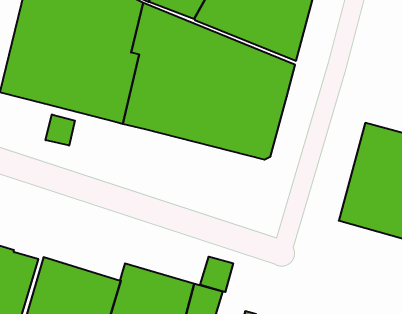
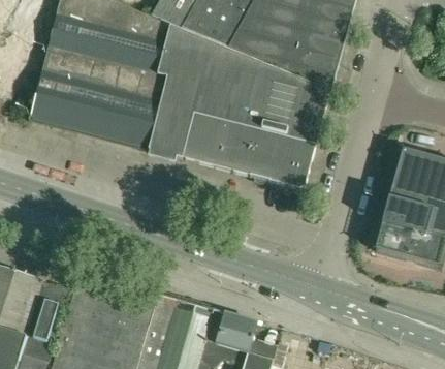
building: [46,114,75,146] -> none
building: [200,257,233,292] -> none

